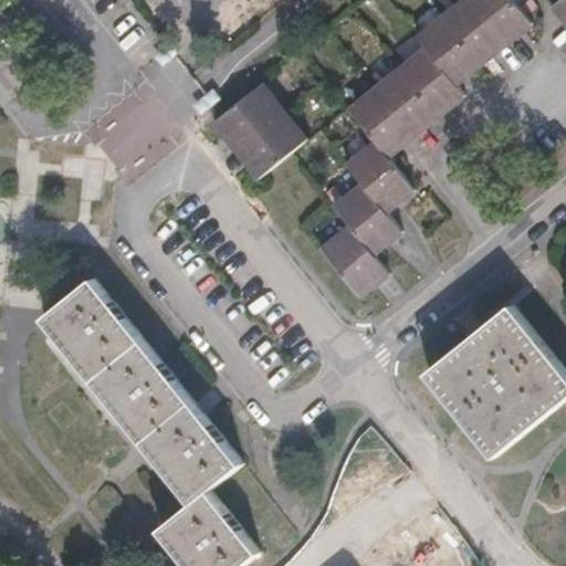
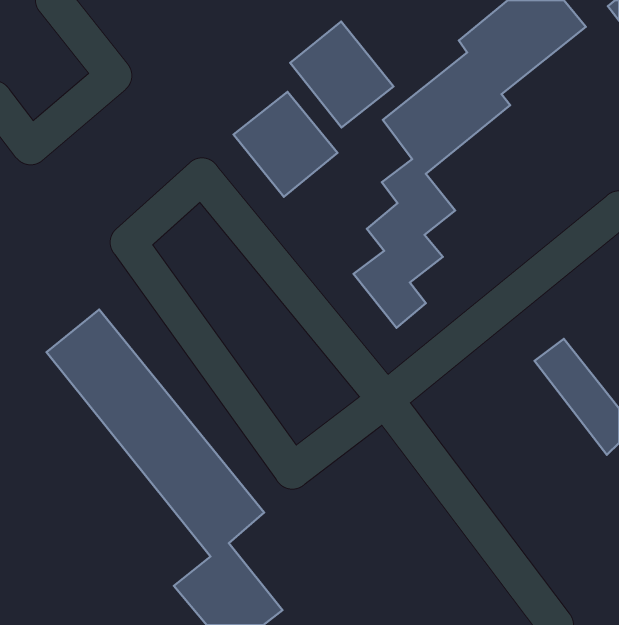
building: none -> [290,21,394,128]
building: [426,326,548,455] -> none

